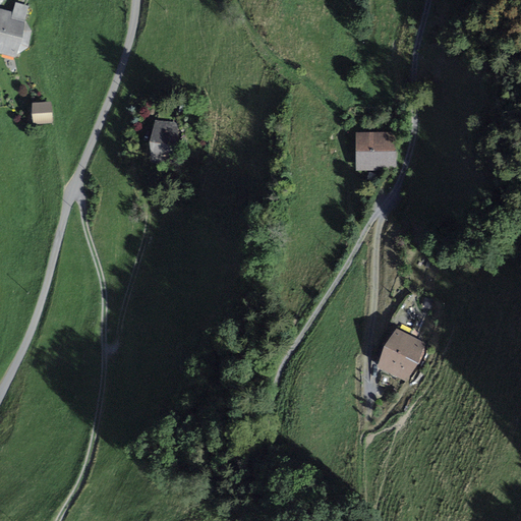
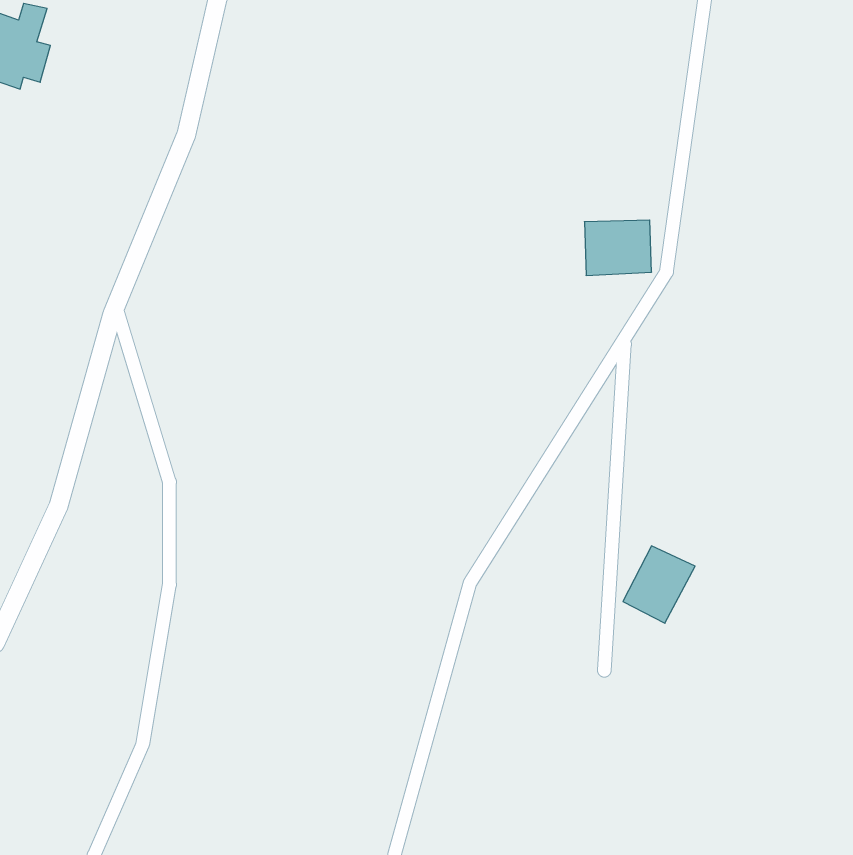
building: [32,102,52,124] -> none
building: [150,120,175,156] -> none

